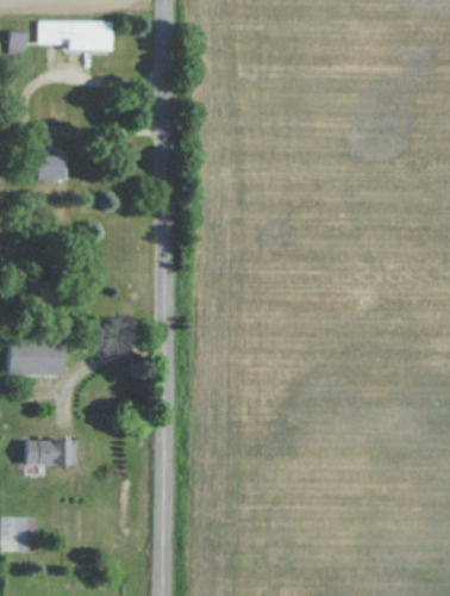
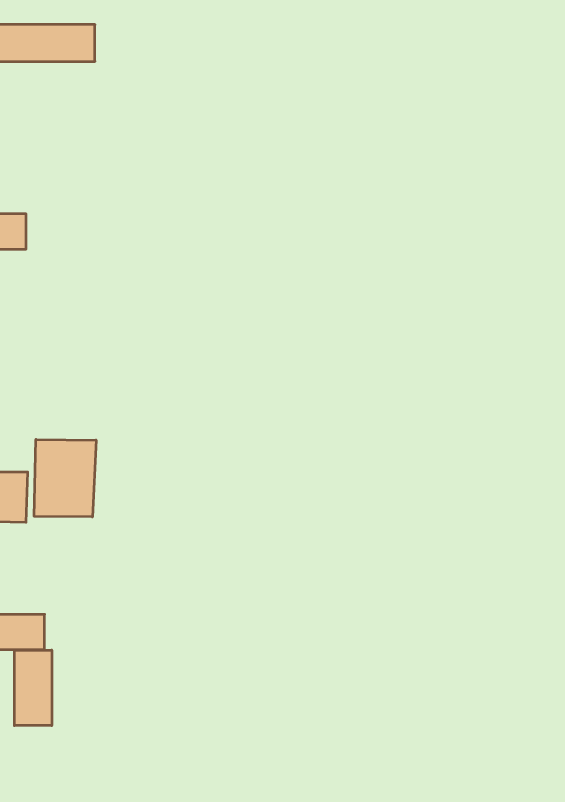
building: none -> [34,439,96,517]
building: none -> [14,650,52,726]

